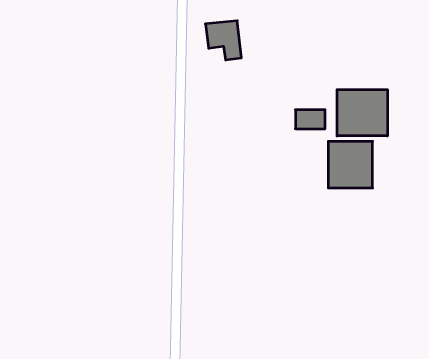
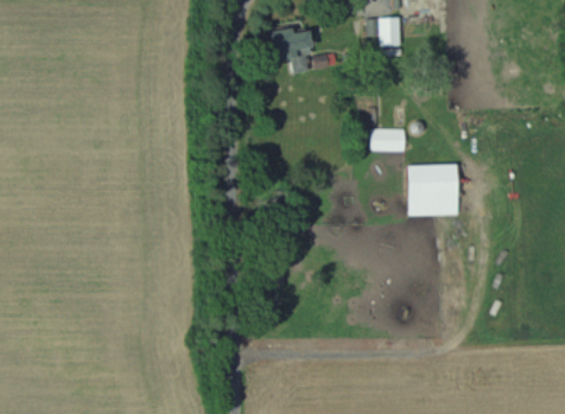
building: none -> [380,18,399,45]
building: [337,90,387,136] -> none

